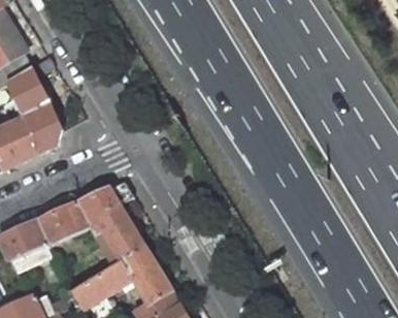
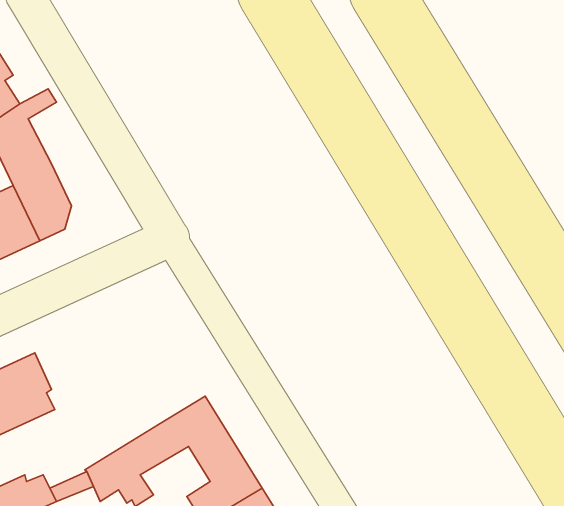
building: [39,182,144,264] -> none

